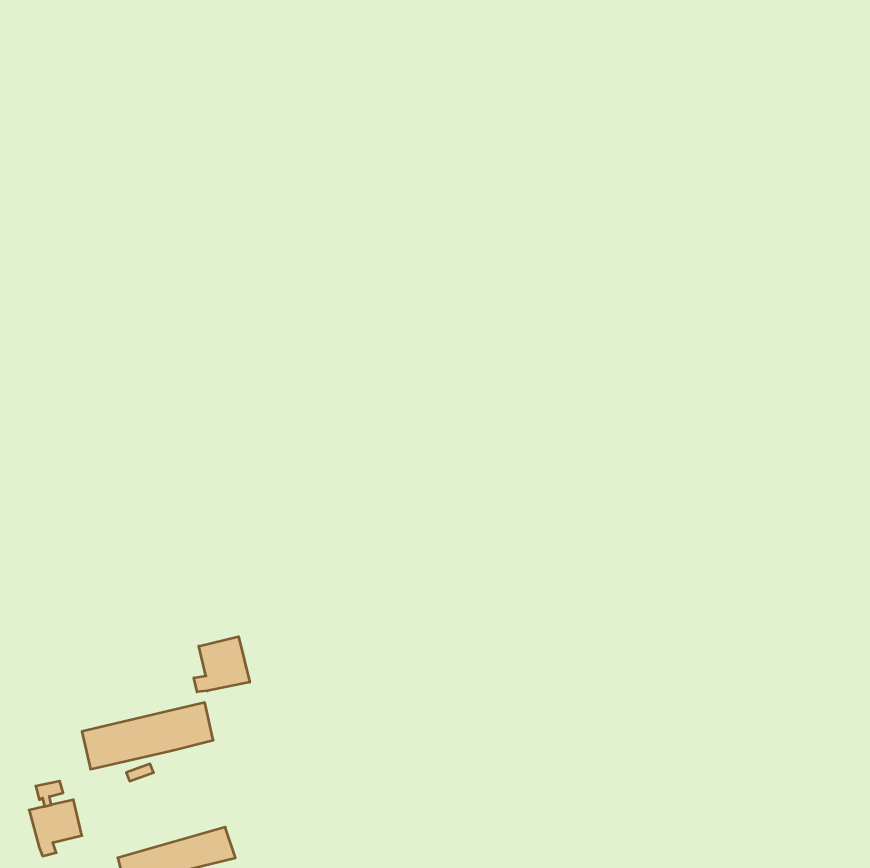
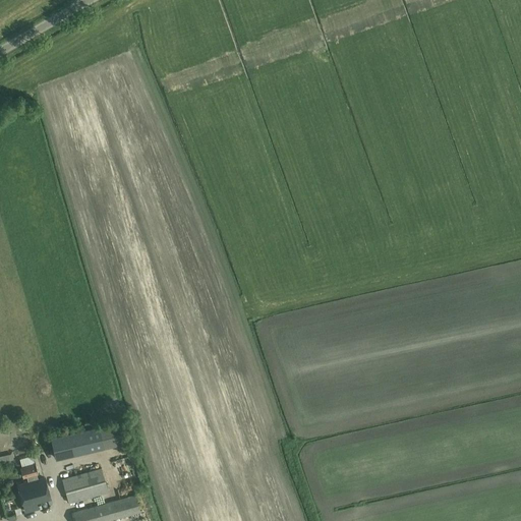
building: [194,637,250,692] -> none
building: none -> [60,470,108,506]

